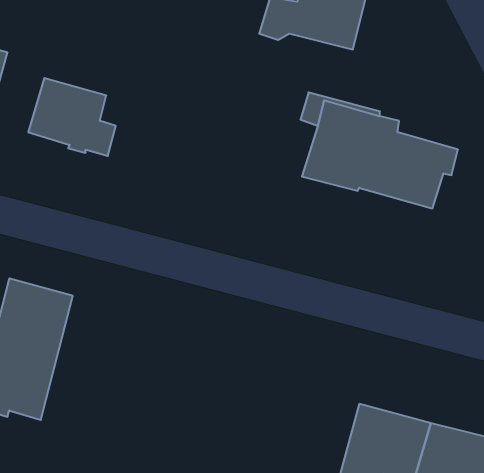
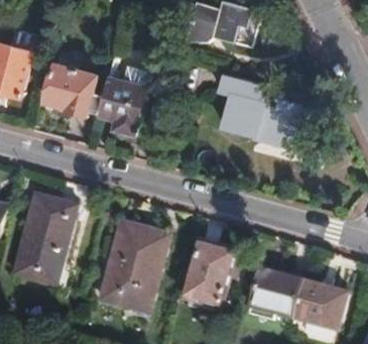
building: none -> [96,66,153,134]
building: none -> [99,223,168,306]
building: none -> [182,243,236,307]

